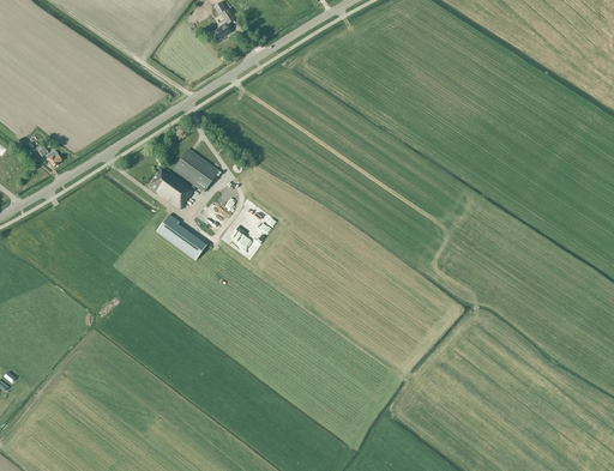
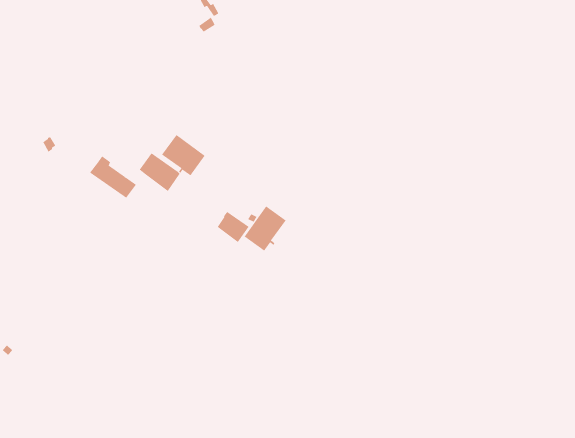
building: [155,213,205,259] -> [89,155,137,198]
building: none -> [244,205,287,252]

